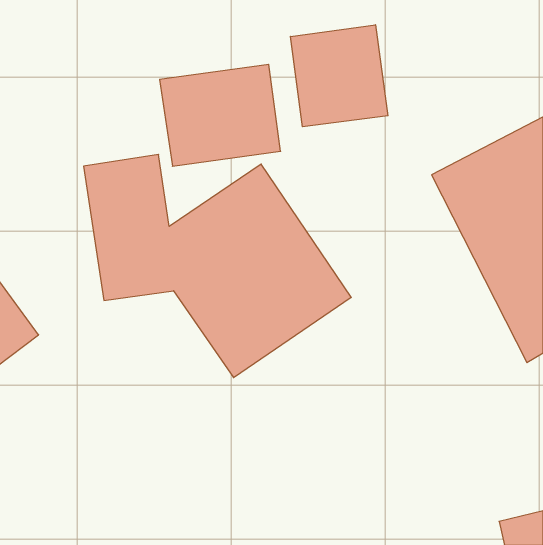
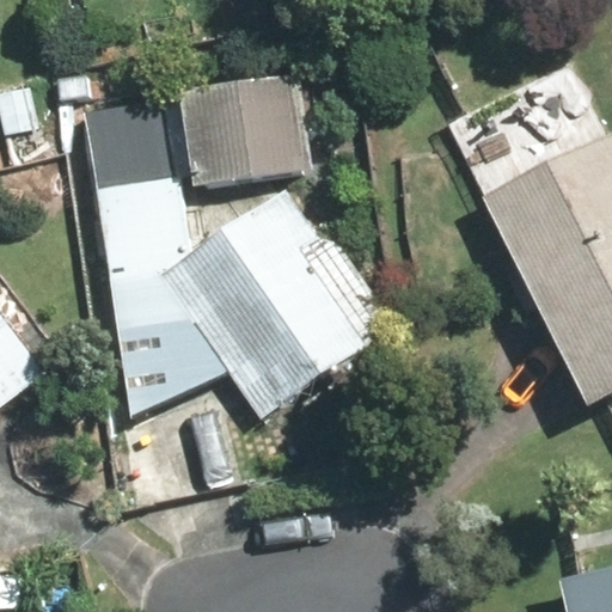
building: [290,25,388,127] -> none

